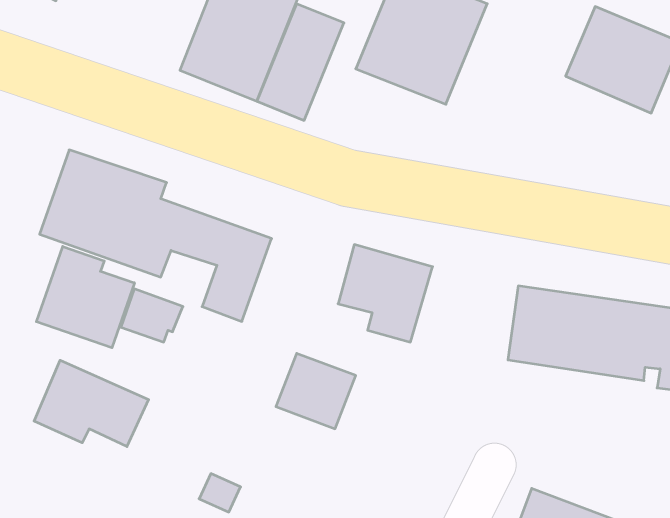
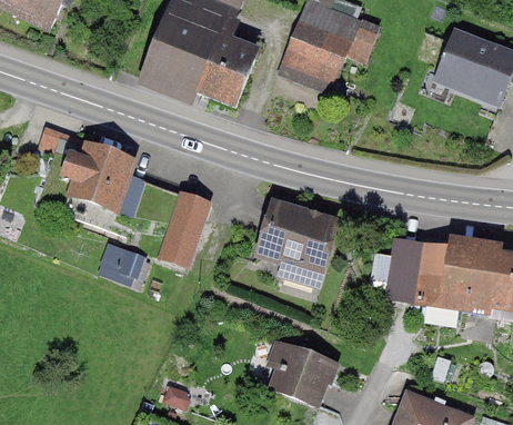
building: [36,246,134,348] -> none
building: [276,353,356,429] -> [273,344,333,401]
building: [34,360,149,447] -> none

